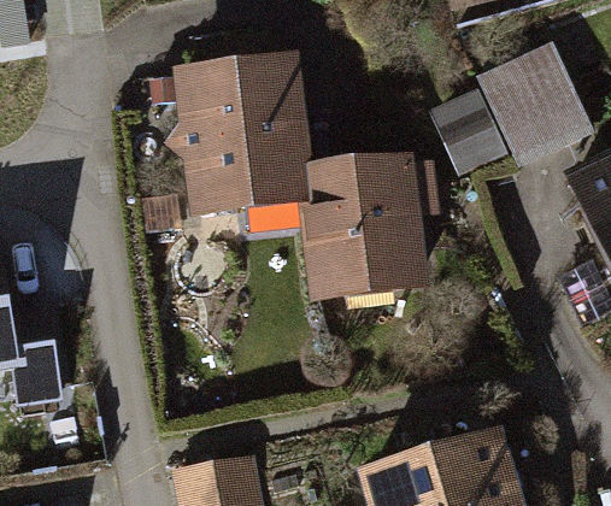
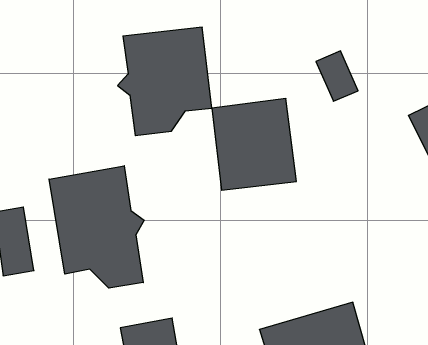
building: [477,46,593,166] -> none
building: none -> [49,166,144,288]

